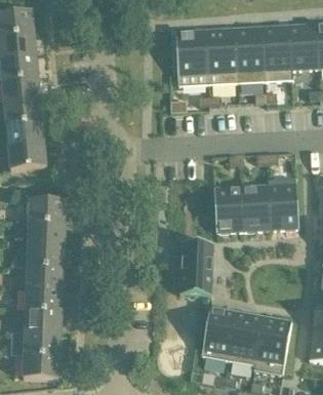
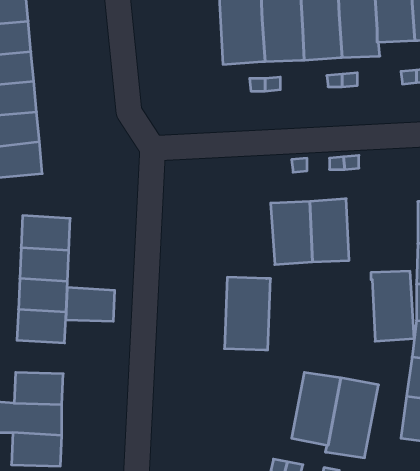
building: [267,177,298,229] -> [371,271,414,341]
building: [26,287,62,312] -> [66,288,115,321]
building: [200,306,237,359] -> none

